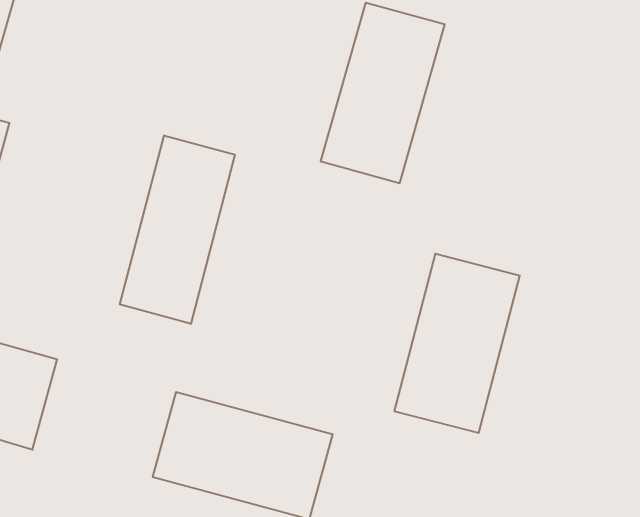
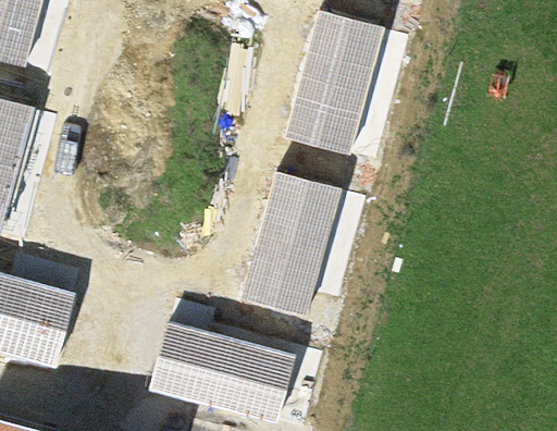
building: [120,135,235,324] -> none
building: [394,254,520,433] -> [242,173,342,316]

